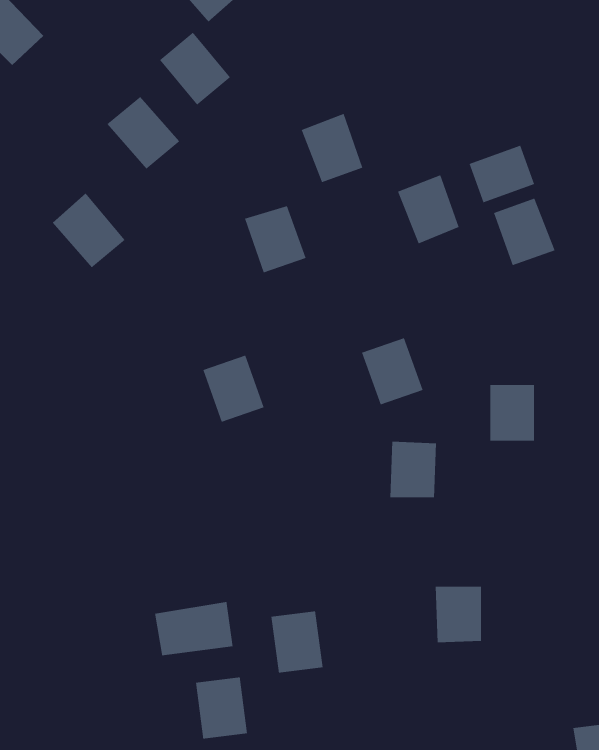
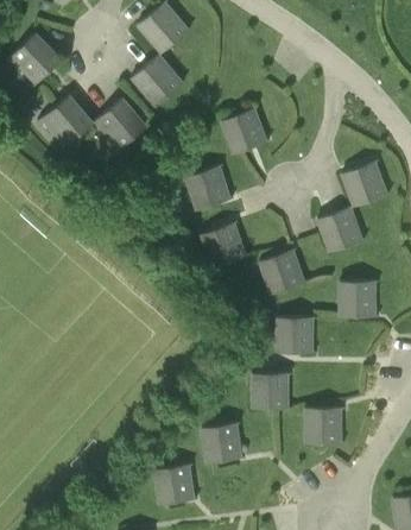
building: [469,145,535,203] -> none
building: [397,174,460,244] -> [318,208,358,252]
building: [52,193,125,268] -> [46,95,93,143]
building: [202,355,265,423] -> [202,225,241,267]
building: none -> [254,373,283,409]
building: [155,601,233,656] -> none

